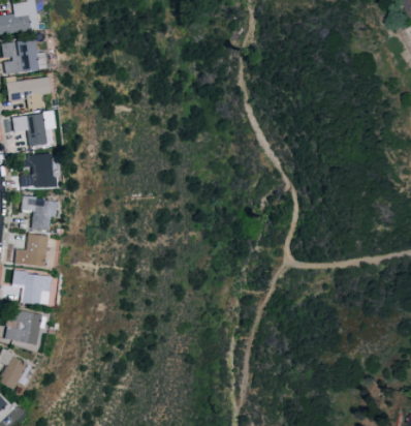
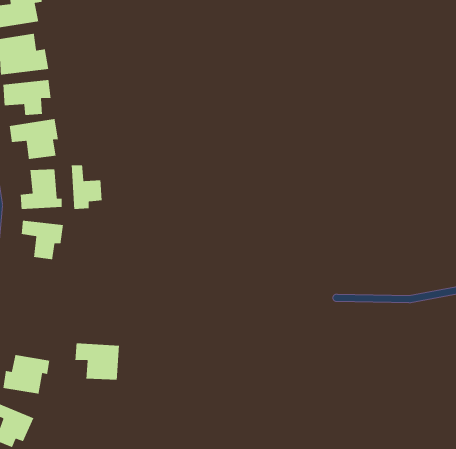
building: none -> [71,164,103,210]
building: [14,234,49,267] -> none
building: [12,272,51,304] -> [75,343,120,380]

